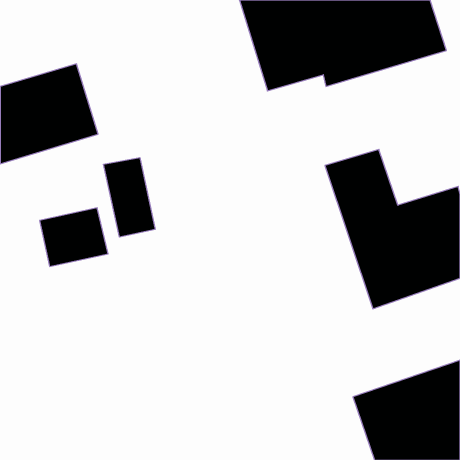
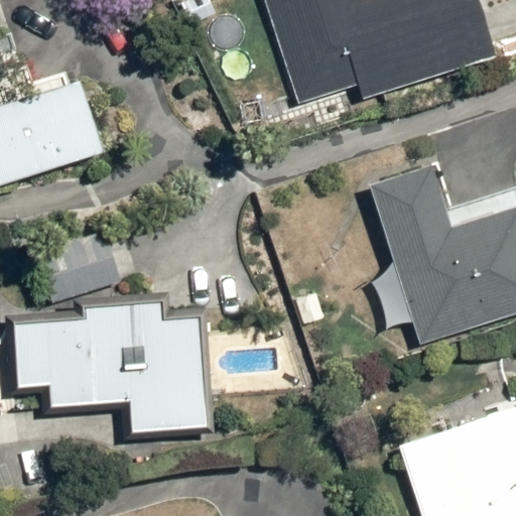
building: [104,158,155,237] -> none
building: none -> [15,301,209,434]

